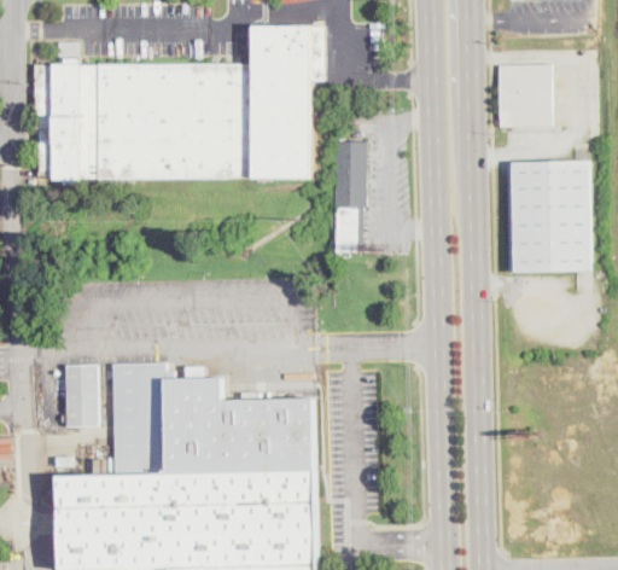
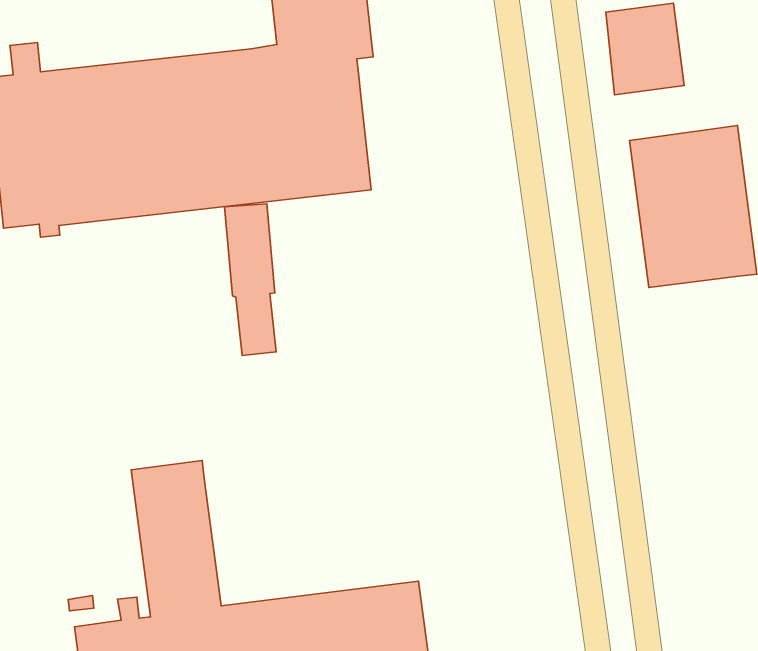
building: [333,141,366,252] -> [224,204,276,355]
building: [64,365,98,427] -> none
building: [165,376,315,473] -> none

